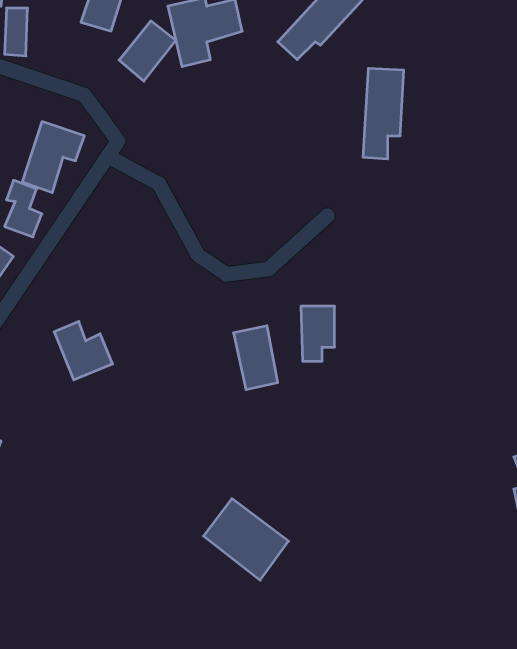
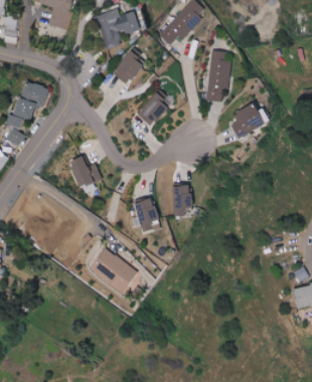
building: [119,21,176,81] -> [113,51,145,85]
building: none -> [137,89,174,127]
building: none -> [230,103,271,139]
building: [54,321,113,380] -> [68,156,102,189]
building: [203,499,289,580] -> [89,247,137,294]

